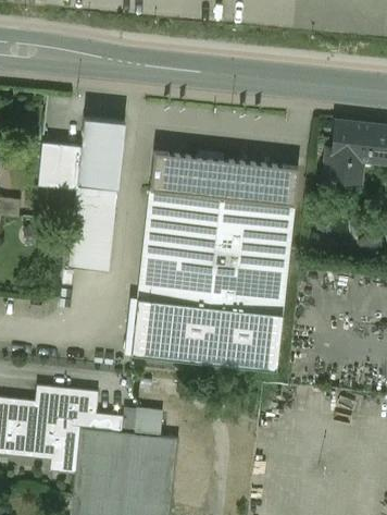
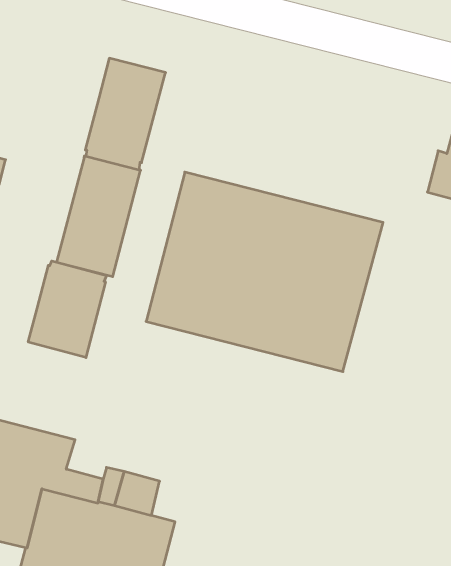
building: [37,142,80,189] -> none
building: [149,152,298,205] -> none
building: none -> [28,261,106,358]
building: [132,299,282,370] -> none

